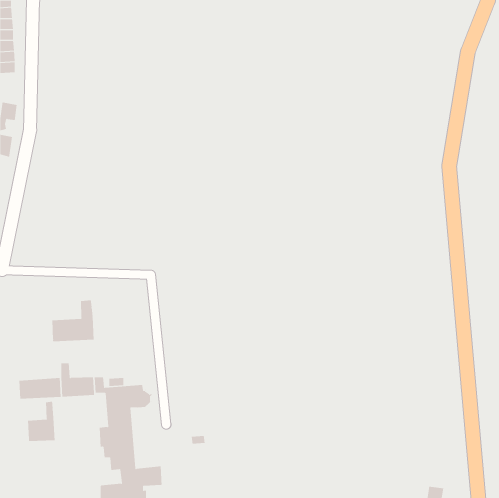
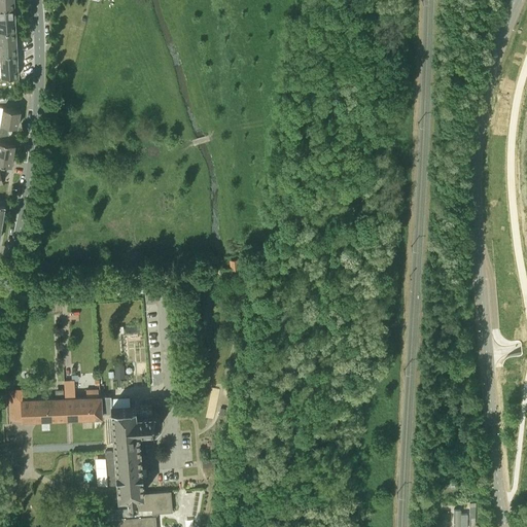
building: [52,299,94,342] -> none
building: [28,401,55,442] -> none

